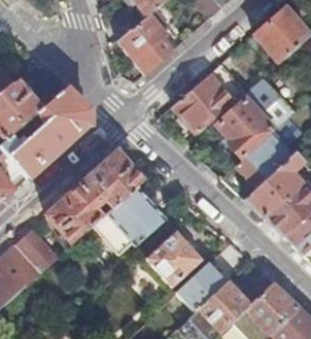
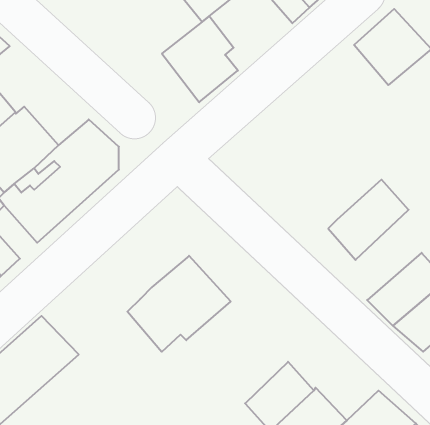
building: [173,63,246,134] -> none
building: [217,80,295,160] -> none
building: [45,151,142,244] -> none
building: [244,151,305,217] -> none
building: [145,230,202,286] -> none

